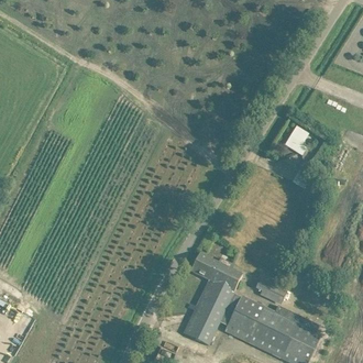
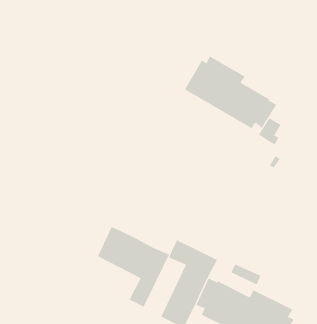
building: none -> [184,55,277,129]
building: none -> [97,226,170,307]

